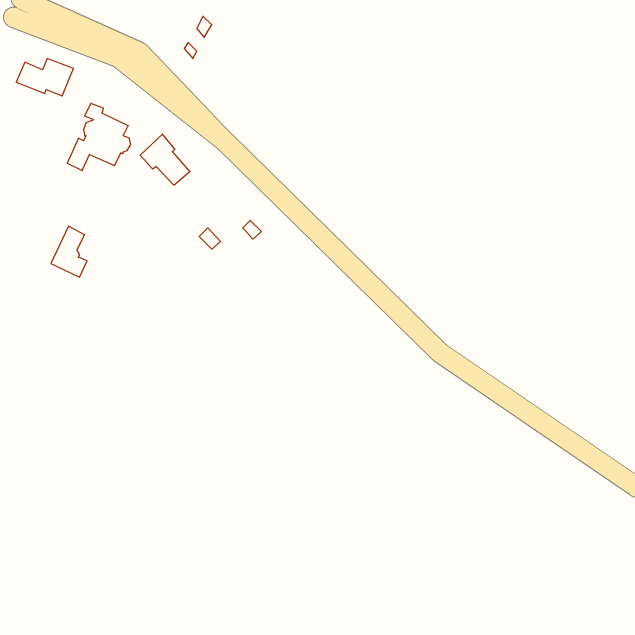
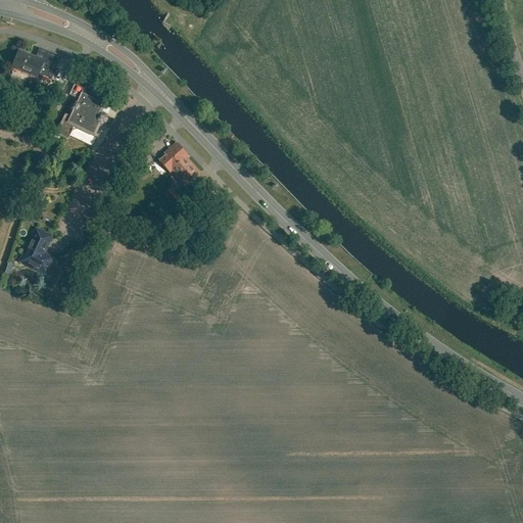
building: [140,134,190,185] -> [159,143,200,185]
building: [51,226,87,277] -> [22,230,52,272]

